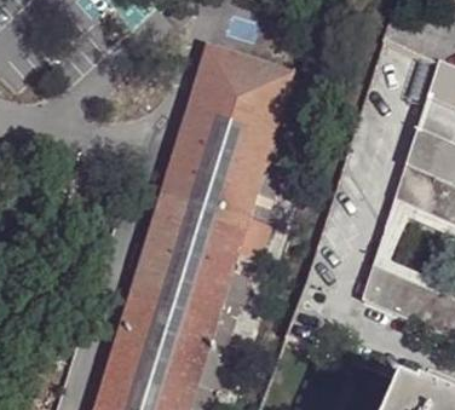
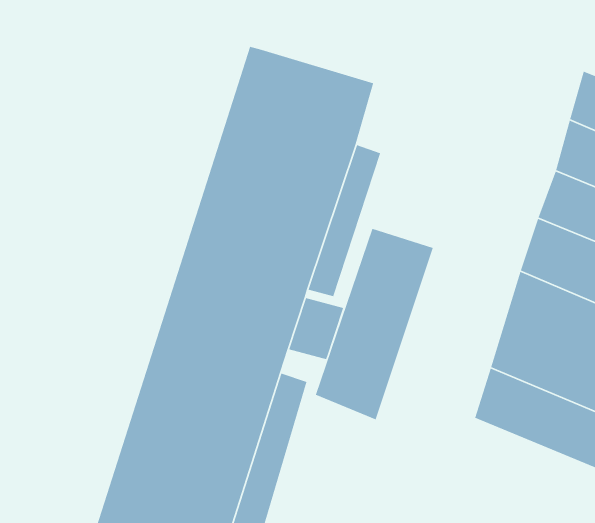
building: none -> [315,228,434,420]

